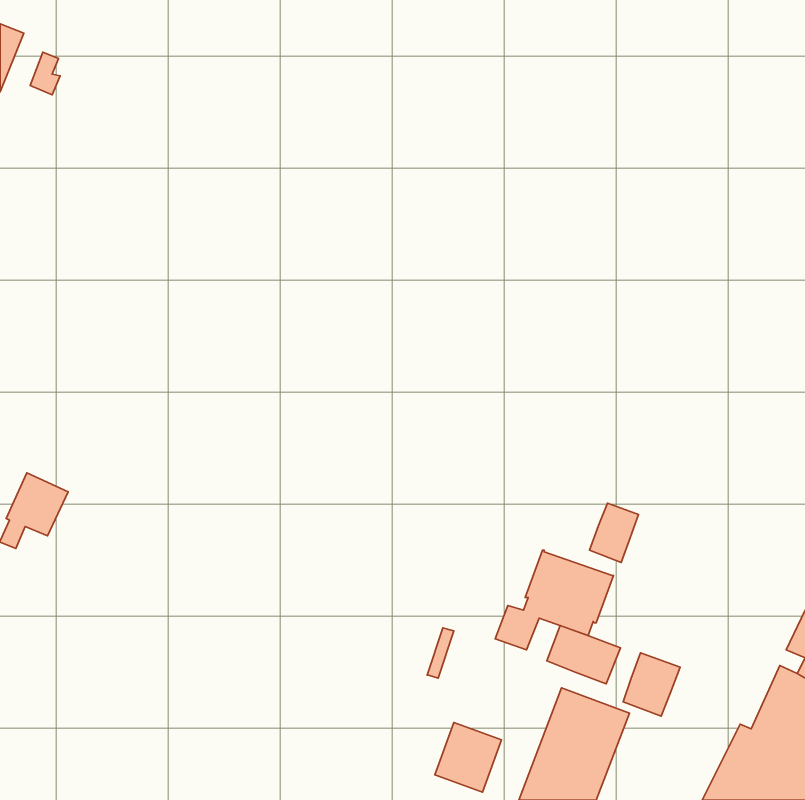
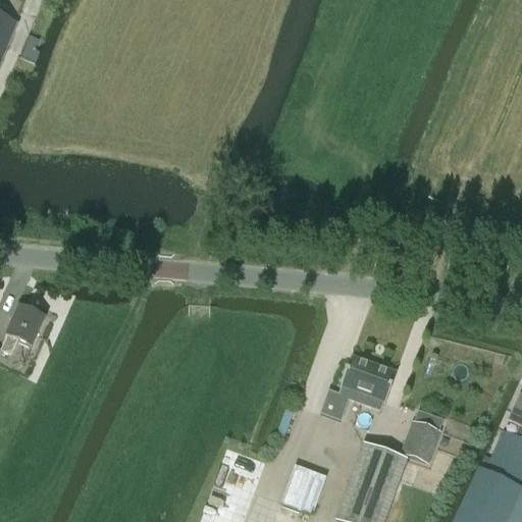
building: [590,503,638,562] -> none
building: [547,626,620,684] -> none

